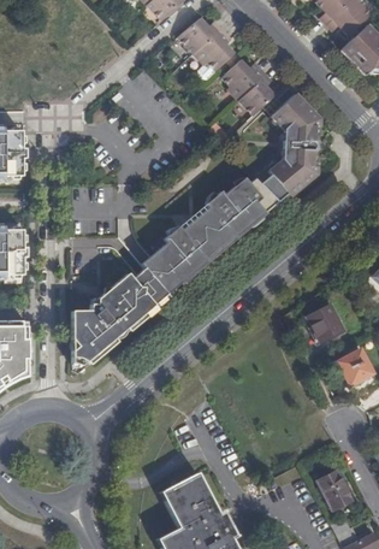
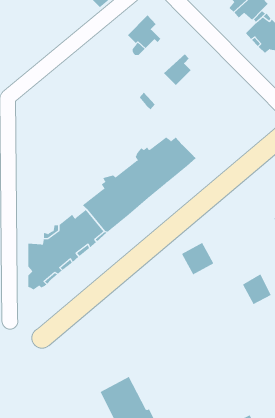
building: [177,18,219,52] -> none
building: [224,57,265,99] -> none
building: [261,94,319,201] -> none
building: [304,302,345,343] -> [181,242,214,275]
building: [318,472,350,510] -> none

